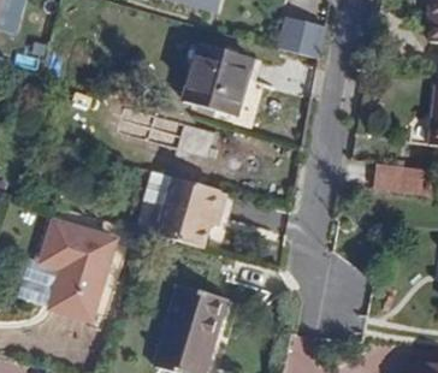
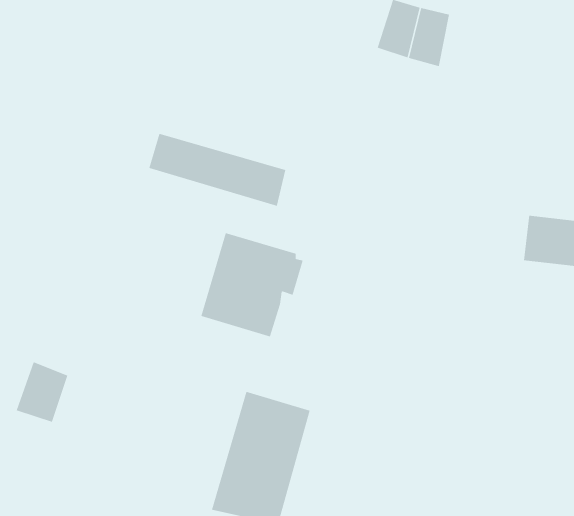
building: [185,39,250,111] -> none
building: [43,219,124,325] -> none

